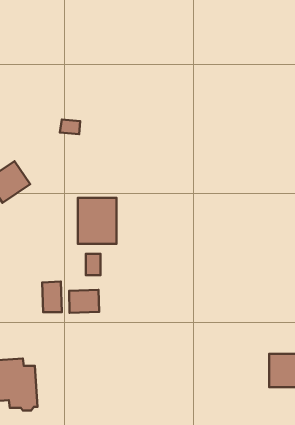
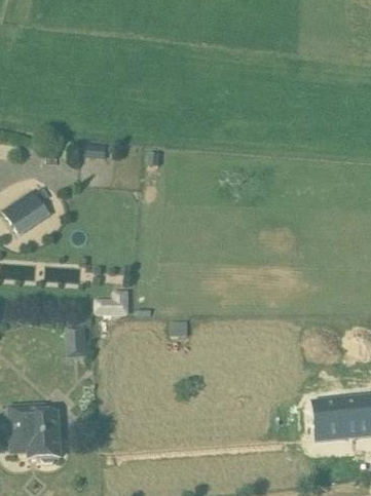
building: [78,198,116,244] -> none
building: [69,290,99,313] -> none

